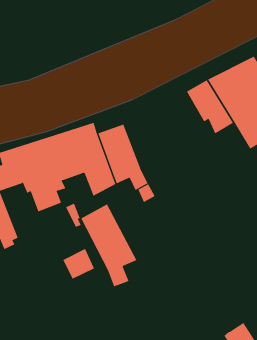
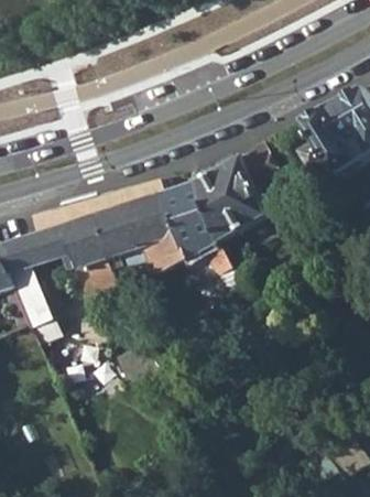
building: none -> [195,143,282,239]
building: [81,204,137,287] -> none

